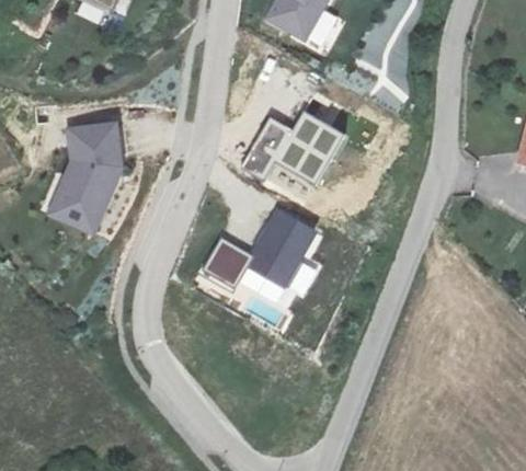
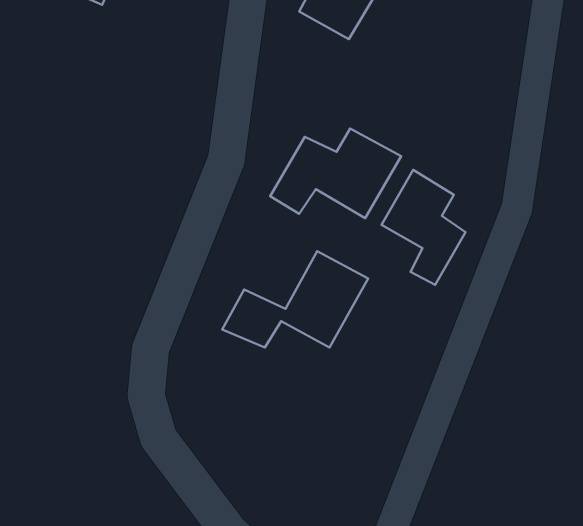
building: [45,122,124,237] -> none
building: none -> [381,170,465,285]

